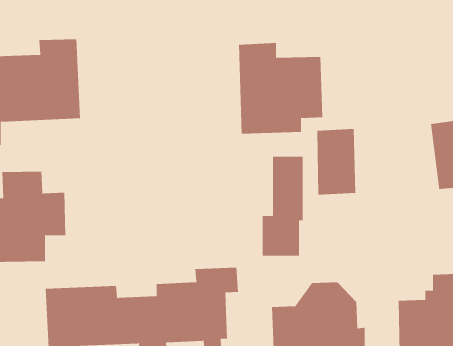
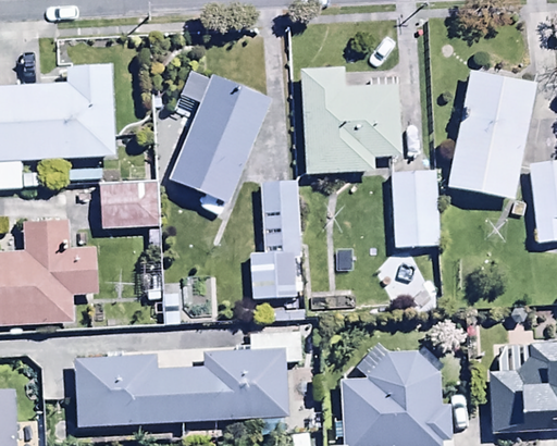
building: none -> [168,63,272,213]
building: none -> [447,66,536,199]
building: none -> [100,179,160,227]
building: [262,156,304,256] -> [251,181,300,298]

